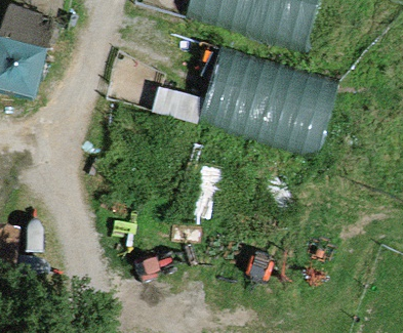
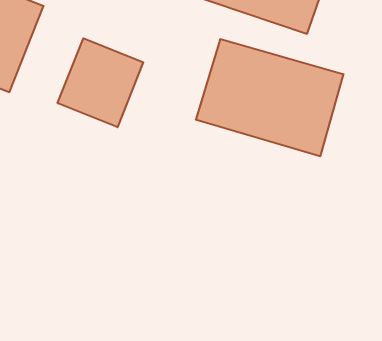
building: none -> [58,38,143,127]

